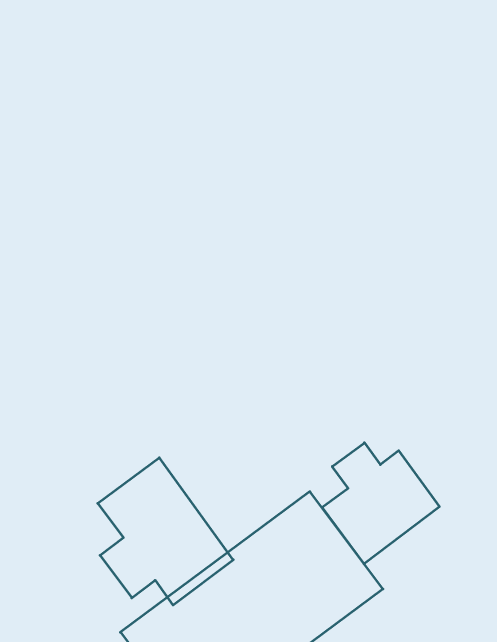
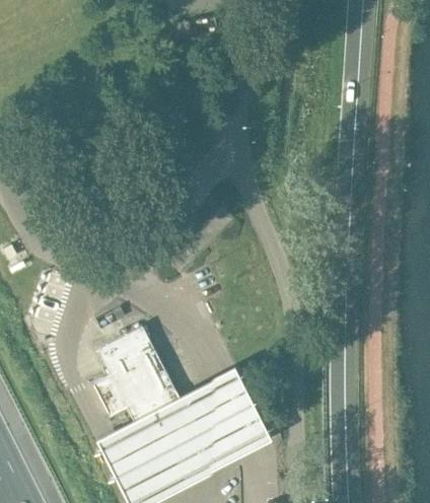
building: [322,443,439,564] -> none

